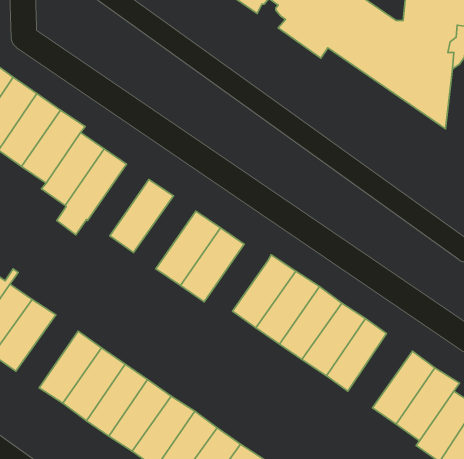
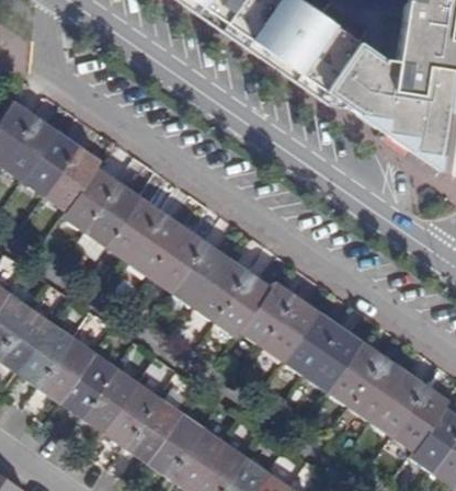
building: none -> [104,196,161,263]
building: none -> [147,226,205,294]
building: none -> [213,271,272,340]
building: none -> [37,336,95,404]
building: none -> [346,354,407,423]

